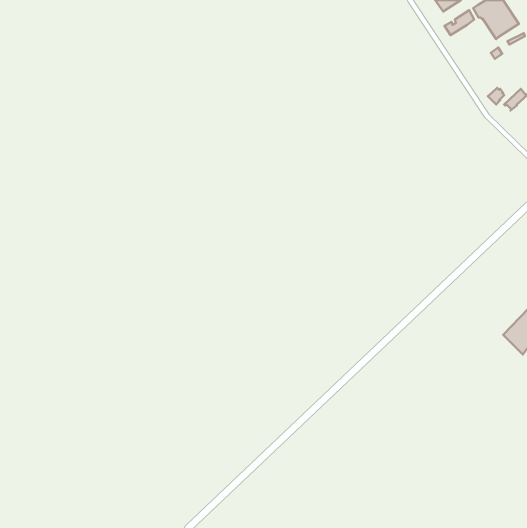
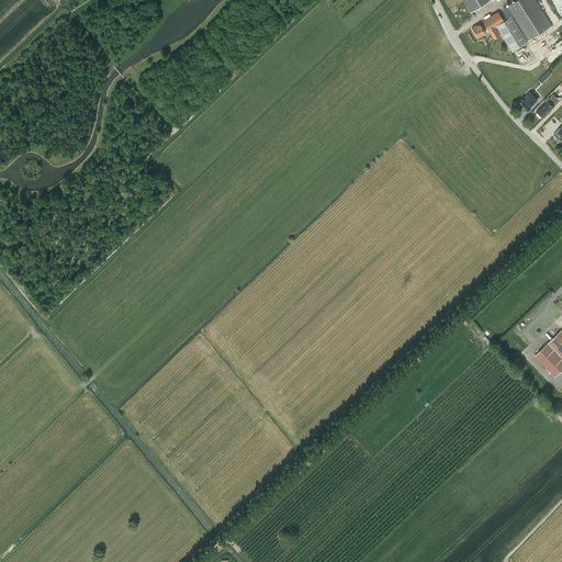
building: none -> [497,19,528,50]

